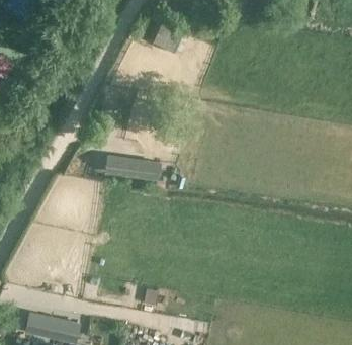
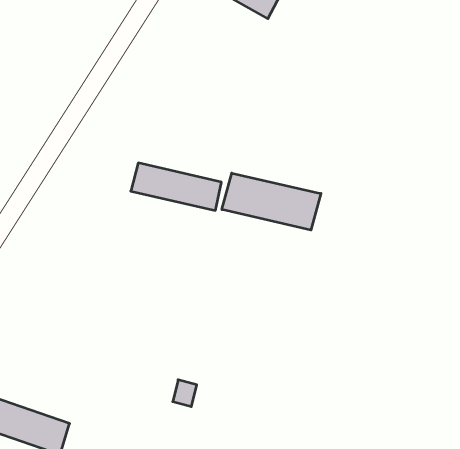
building: none -> [222,173,321,230]

